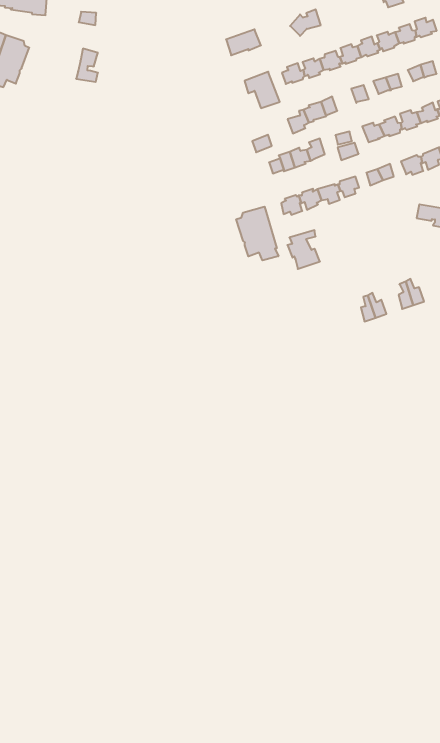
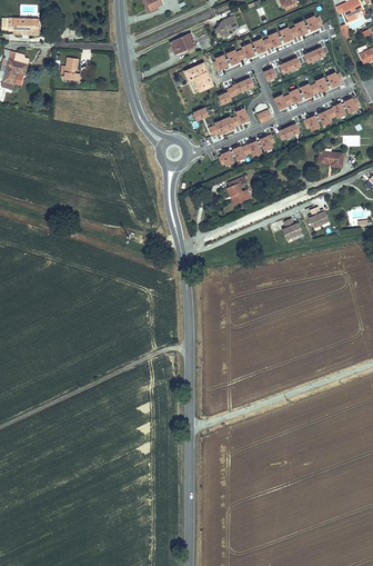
building: [236,207,278,260] -> none

